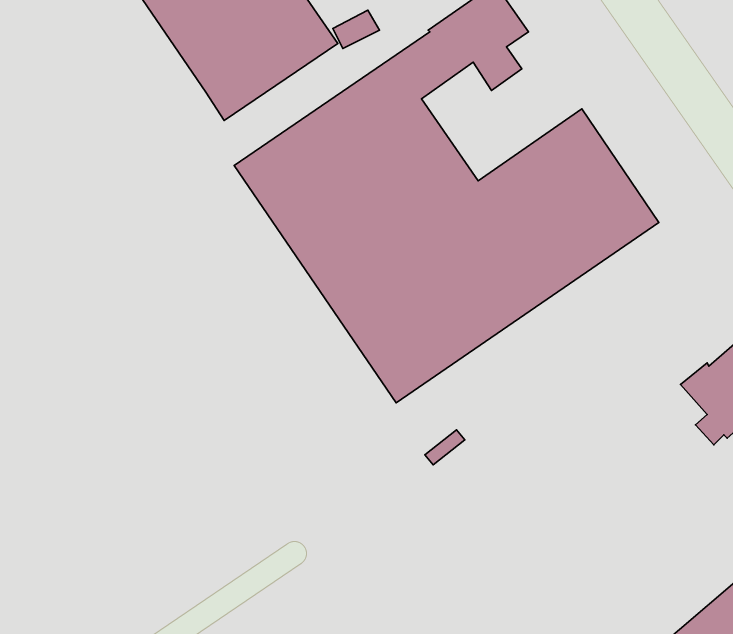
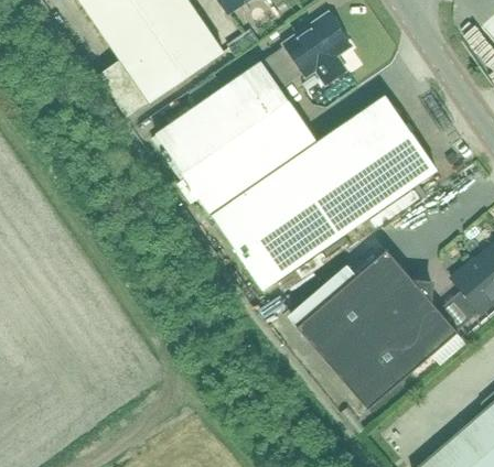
building: none -> [297,251,458,410]

